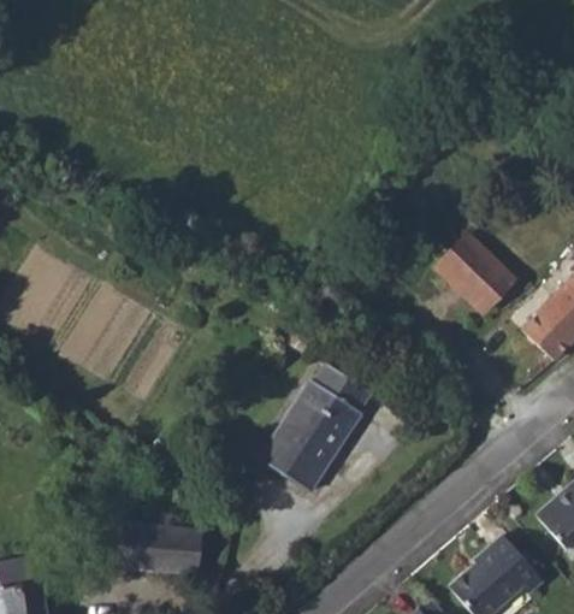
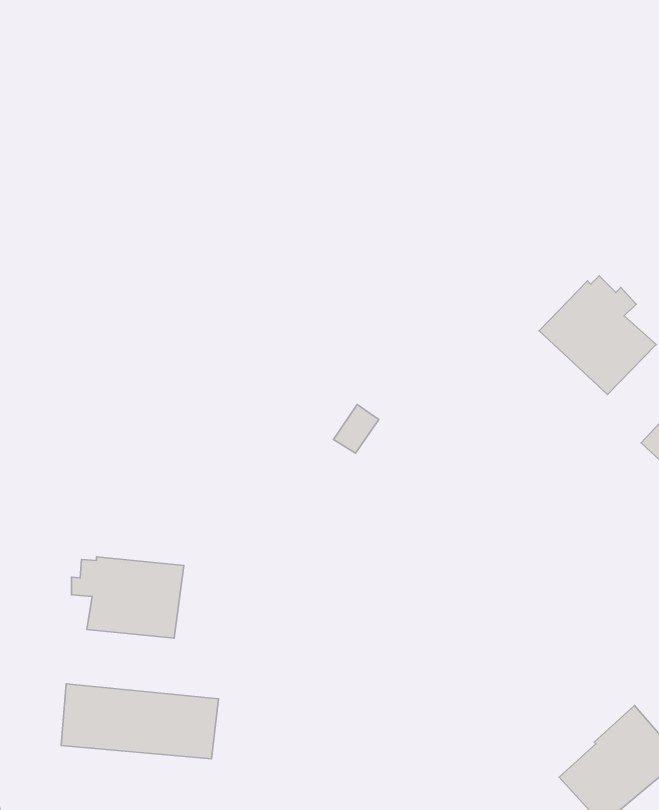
building: [258,364,371,494] -> none
building: none -> [71,557,184,638]

